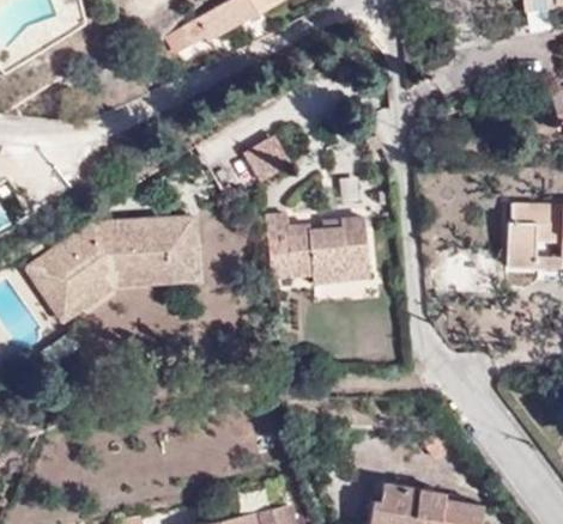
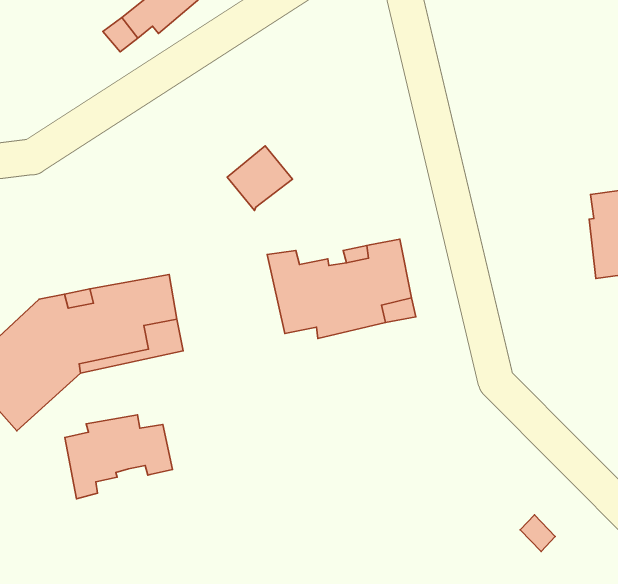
building: none -> [65,415,173,499]

